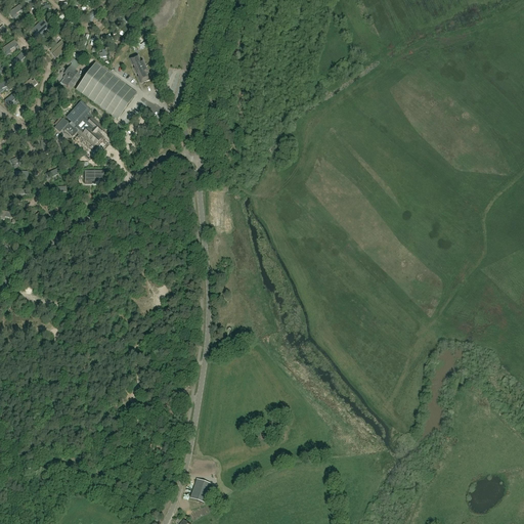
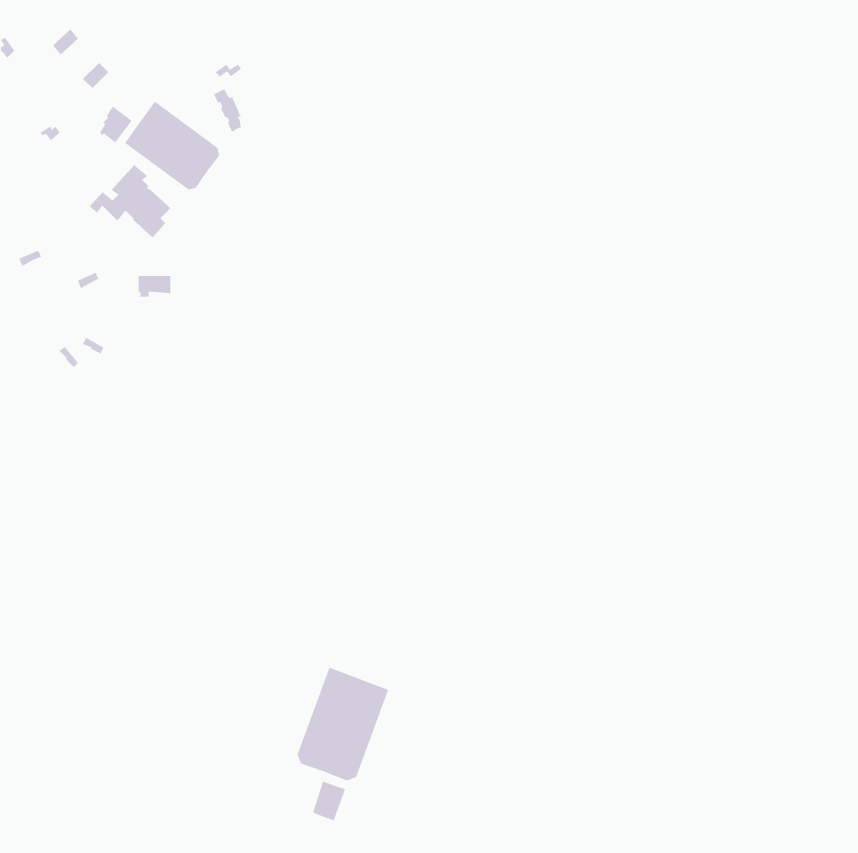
building: none -> [297,667,389,781]

